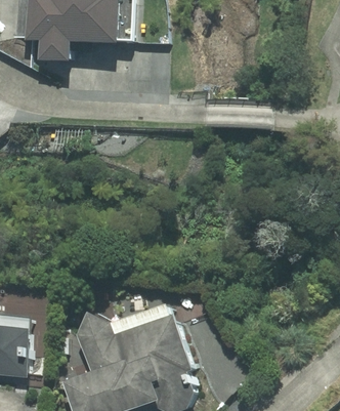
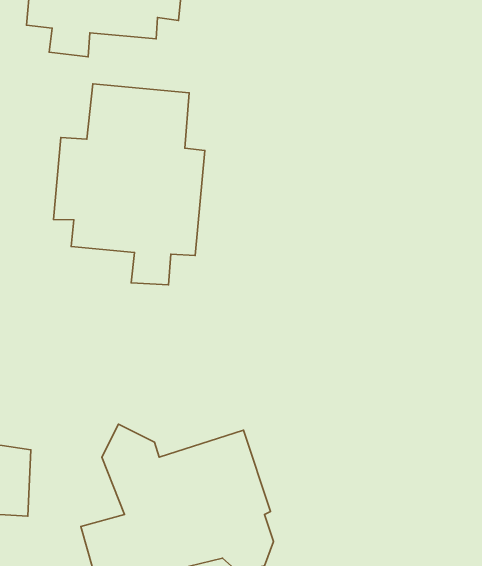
building: none -> [54,84,205,285]

